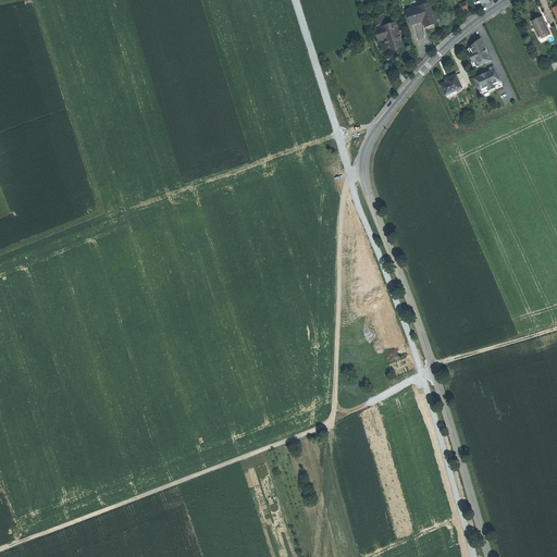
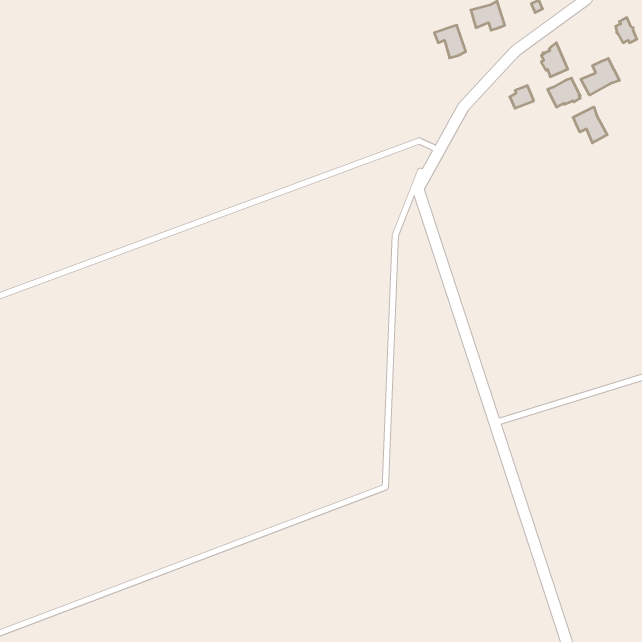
building: none -> [581,58,619,95]
building: none -> [573,107,607,143]

